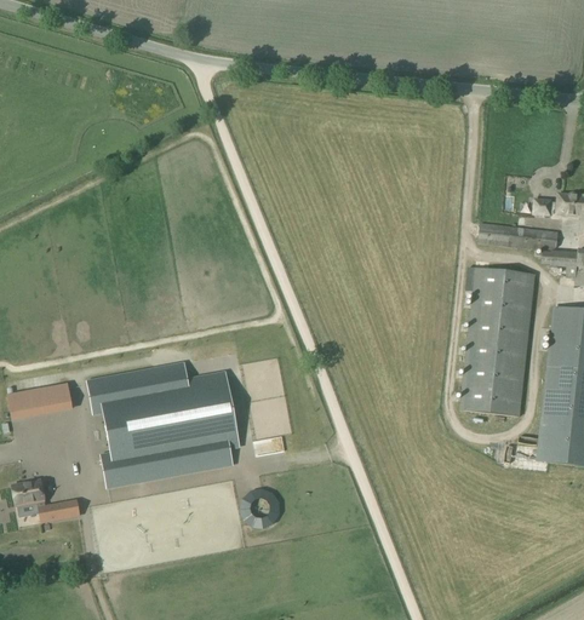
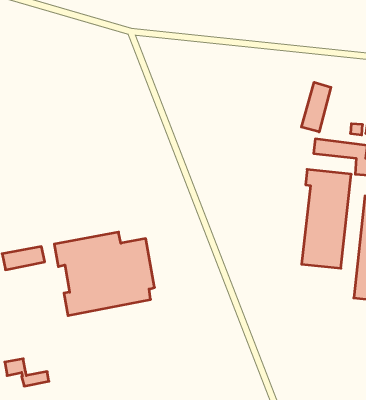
building: none -> [301,82,331,132]
building: [13,480,80,521] -> [5,359,49,386]

